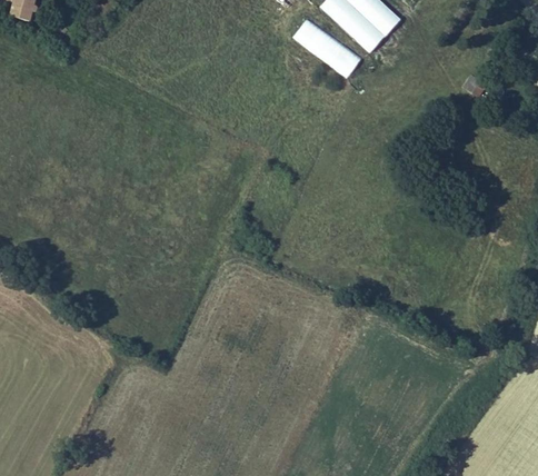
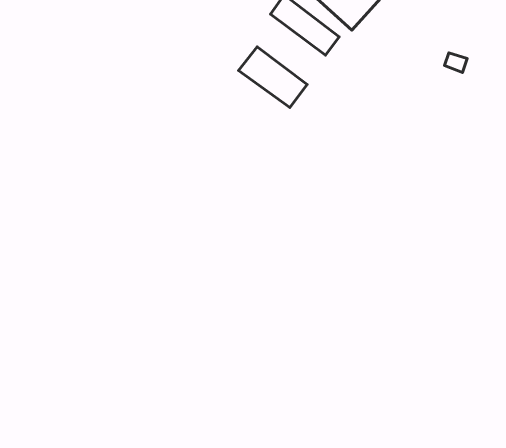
building: none -> [239,47,307,107]

